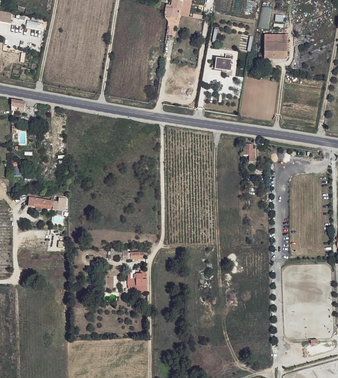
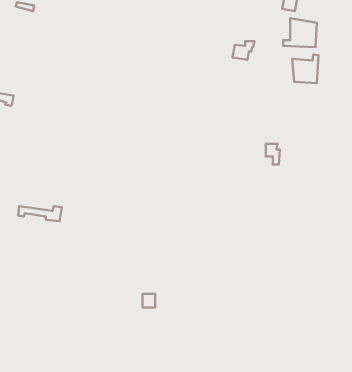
building: none -> [292,55,318,83]

